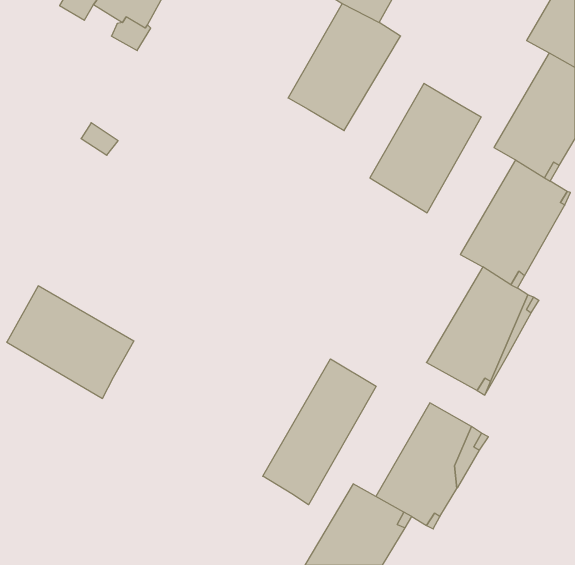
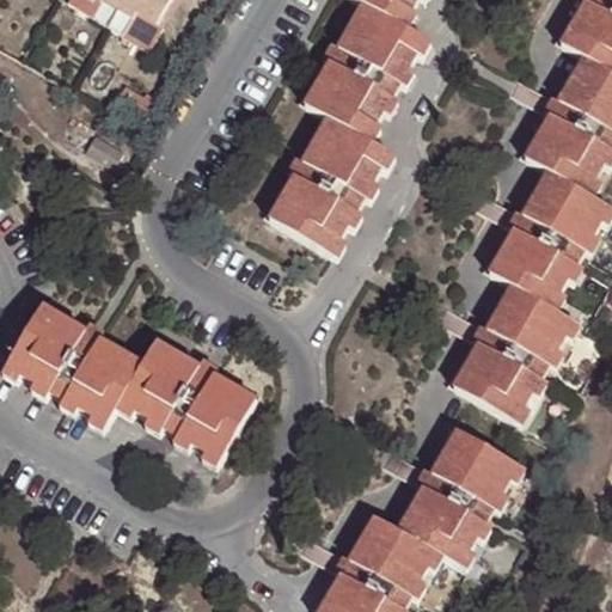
building: [370,83,481,213] -> [270,116,388,253]
building: none -> [121,338,257,457]
building: [263,359,376,505] -> none

